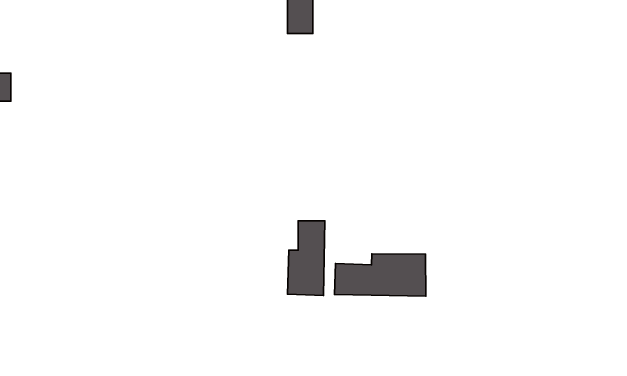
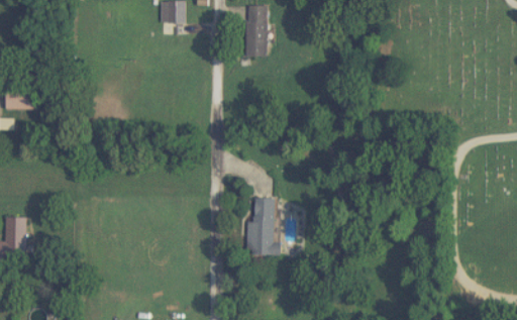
building: [334,254,426,296] -> none

